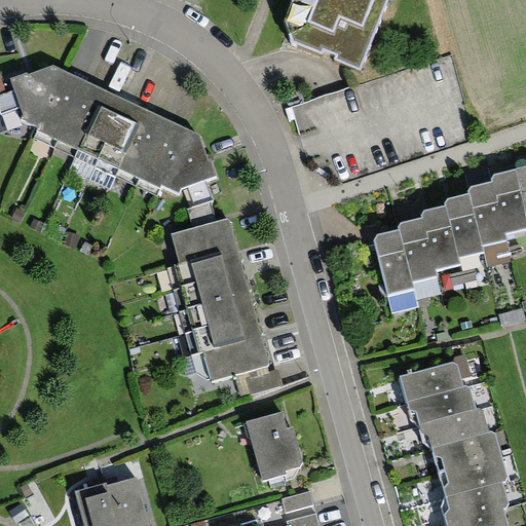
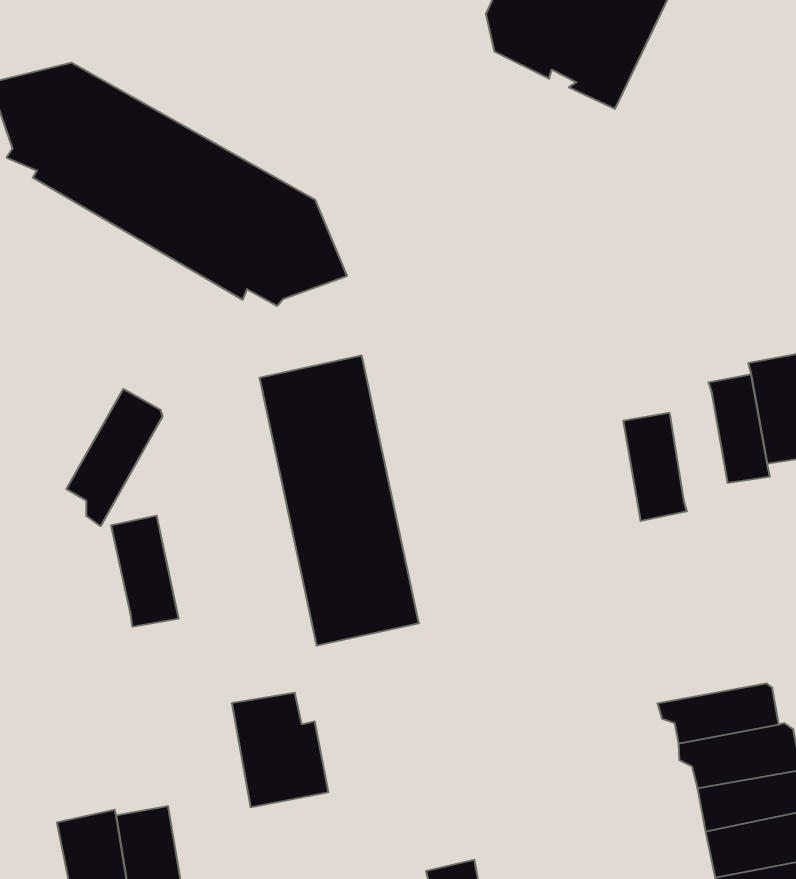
building: [399,223,437,285] -> none
building: none -> [66,389,162,526]
building: none -> [111,516,179,627]
building: [398,360,461,400] -> none
building: [247,417,304,483] -> [232,693,328,807]

